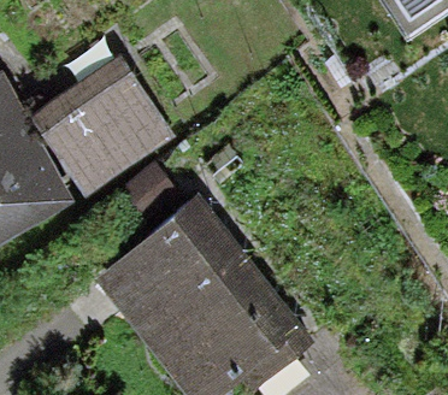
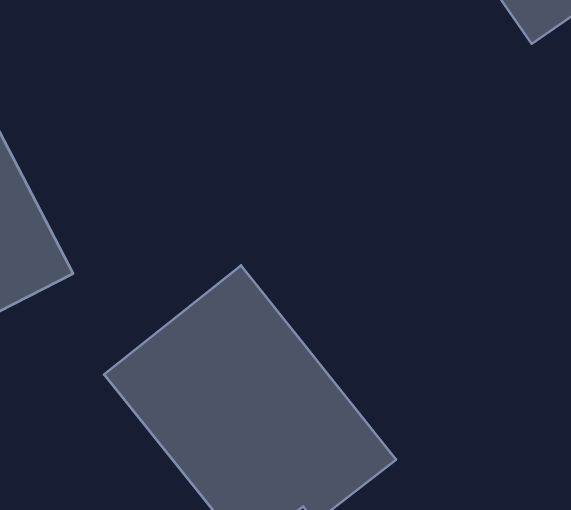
building: [34,59,175,195] -> none

